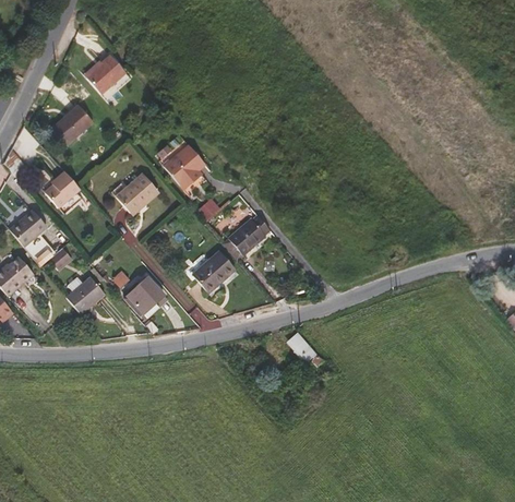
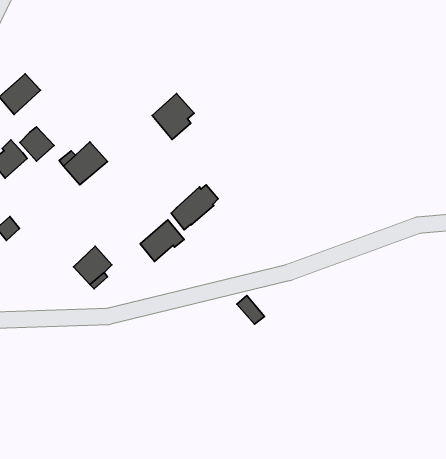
building: [85,55,125,95] -> none
building: [164,144,205,190] -> [152,94,194,140]
building: none -> [20,127,54,161]
building: [65,276,105,313] -> none

